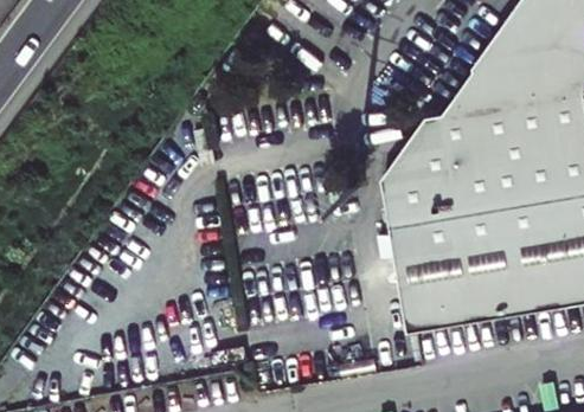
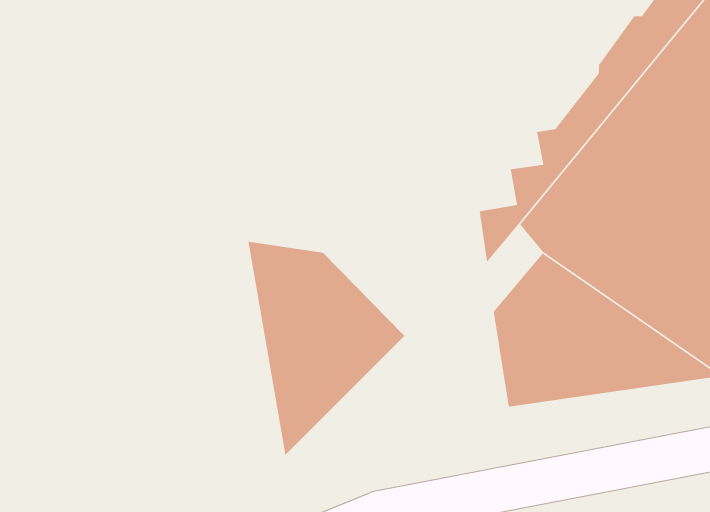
building: [364,189,426,258] -> none
building: none -> [248,241,405,456]

